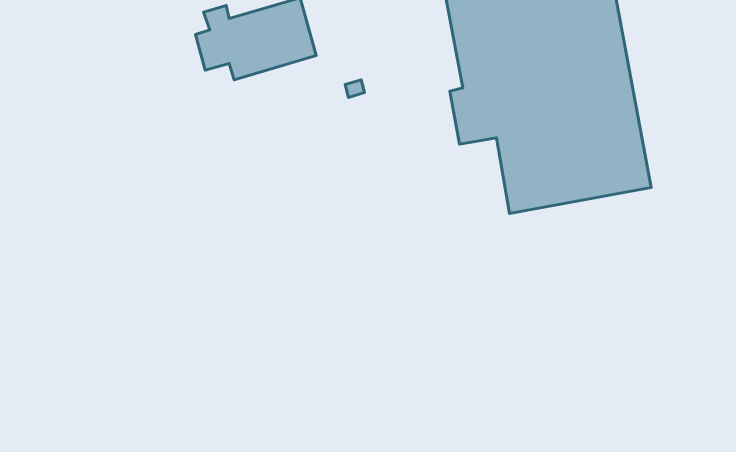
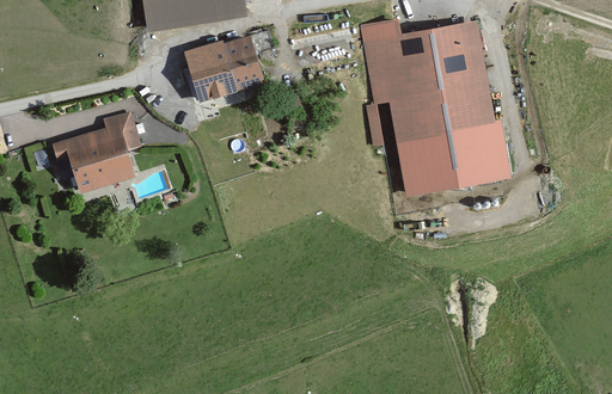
building: none -> [47,109,141,191]

